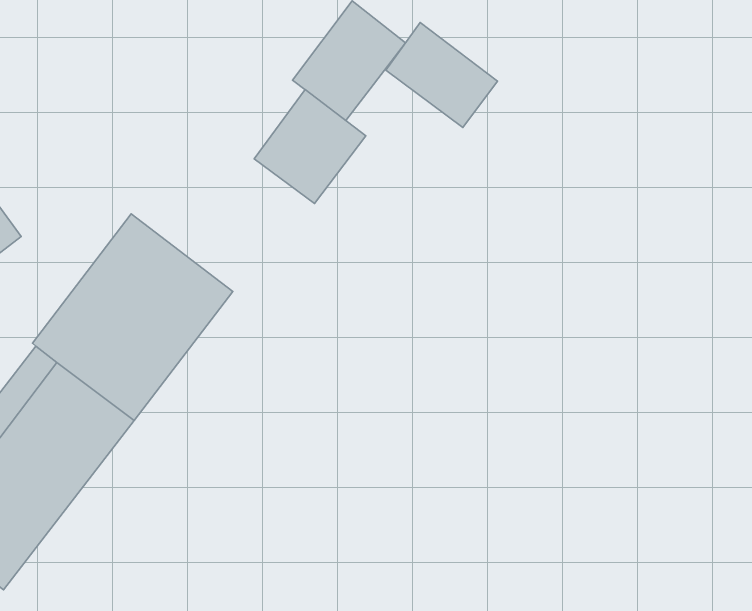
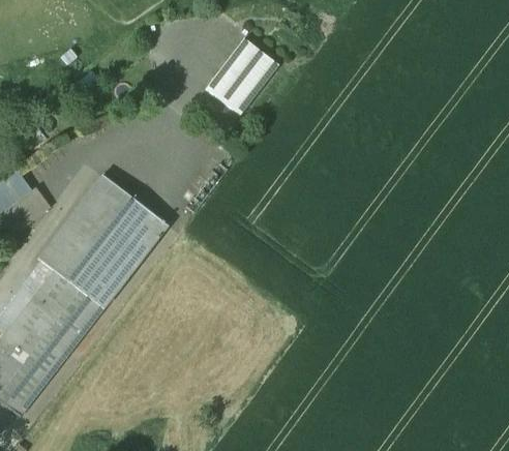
building: [386,23,498,127] -> none
building: [254,90,366,204] -> none

